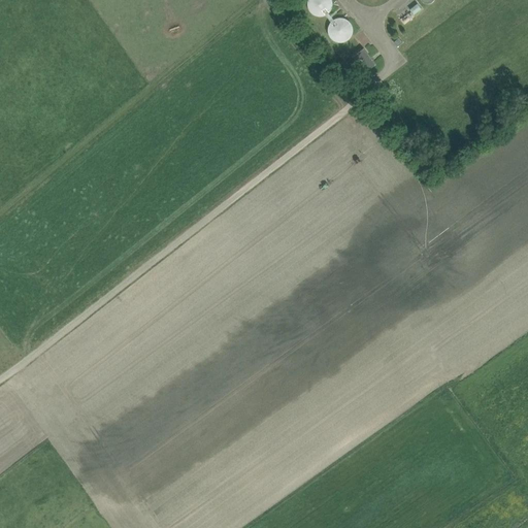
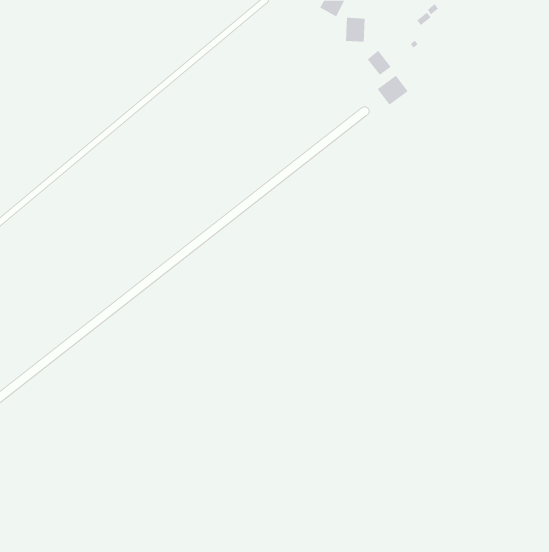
building: none -> [377,75,408,106]

